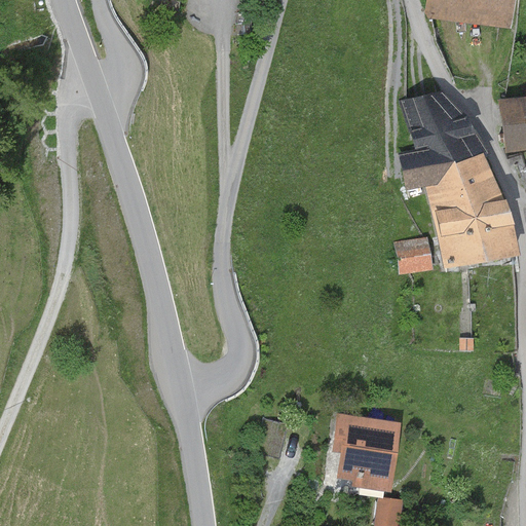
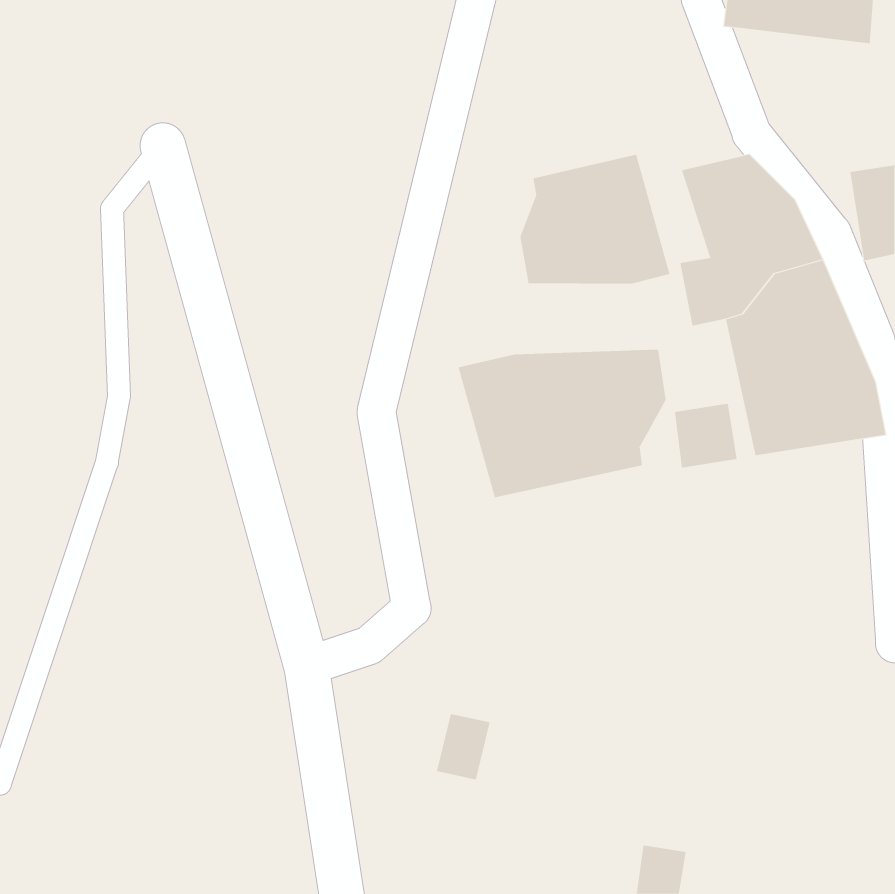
building: none -> [520,154,670,285]
building: none -> [458,349,666,498]
building: [332,413,401,492] -> none

